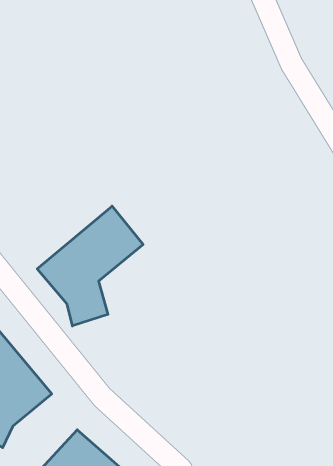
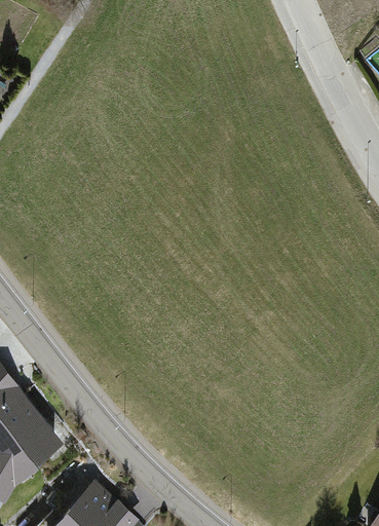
building: [37,206,143,326] -> none

